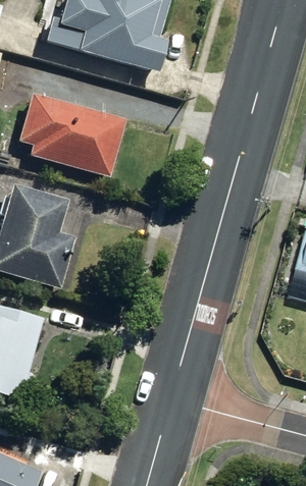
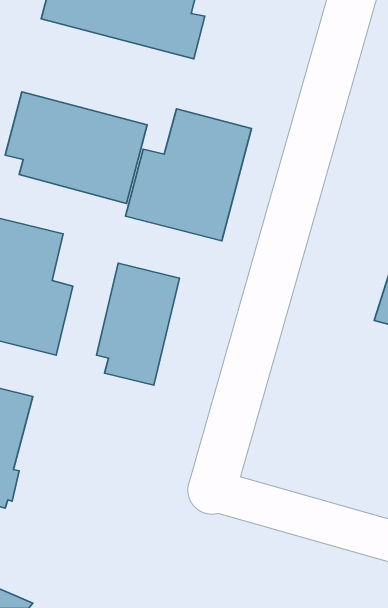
building: none -> [125,109,252,241]
building: none -> [97,263,179,385]

